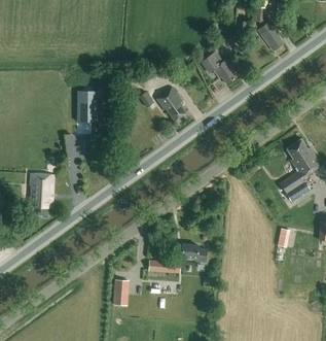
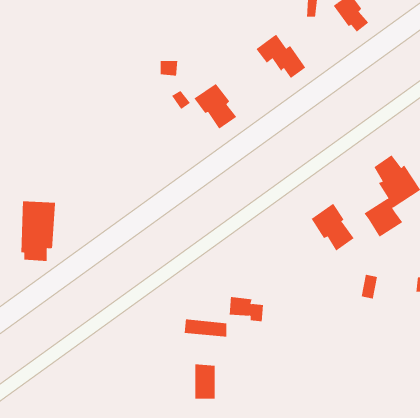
building: [76,92,98,123] -> none
building: none -> [311,203,354,251]
building: [116,278,132,304] -> [195,364,216,399]

